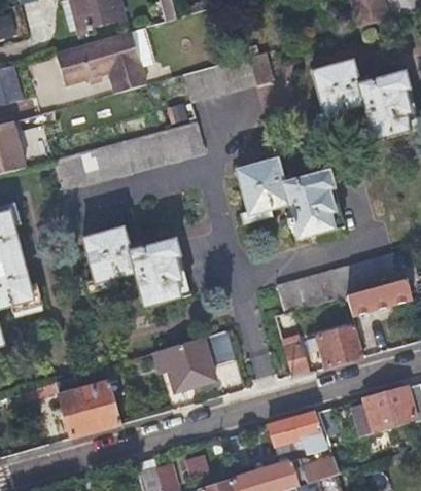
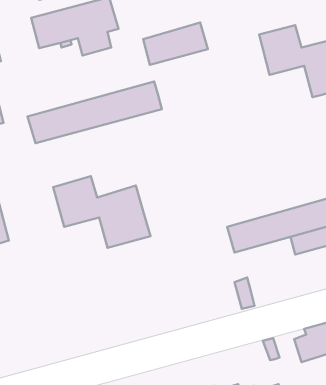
building: [237,159,346,239] -> none
building: [316,326,363,367] -> none
building: [161,337,237,391] -> none
building: [54,375,120,439] -> none
building: [270,413,322,453] -> none

